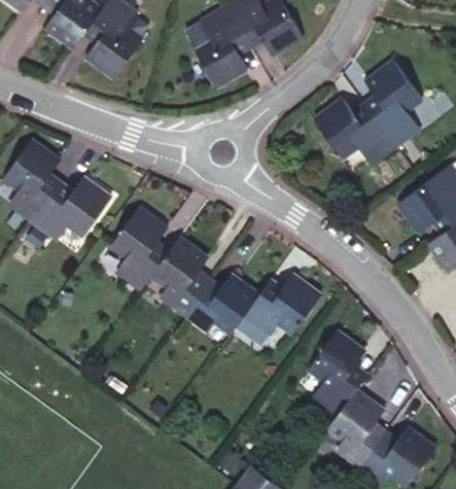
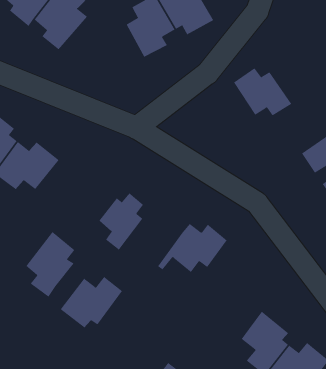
building: [365,57,427,136] -> none
building: [114,212,176,294] -> [26,231,75,297]
building: [178,277,256,342] -> [60,276,123,328]
building: [315,339,370,416] -> none

